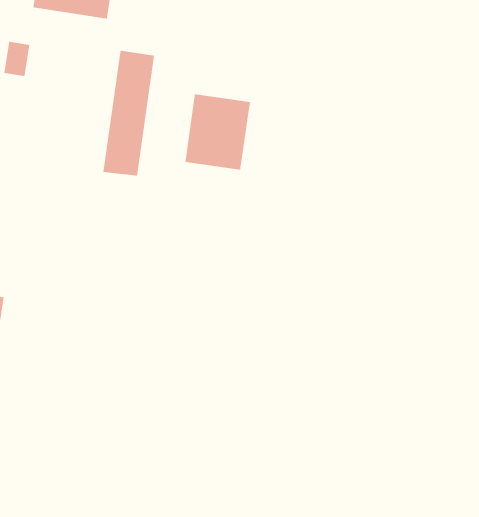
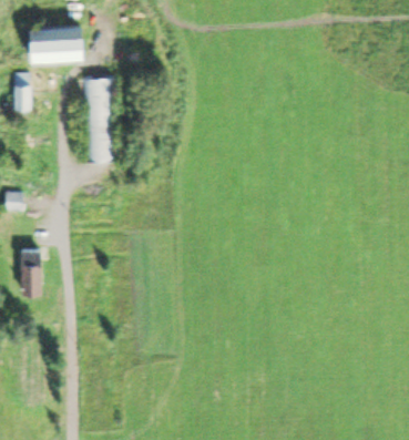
building: [185,93,250,171] -> none

